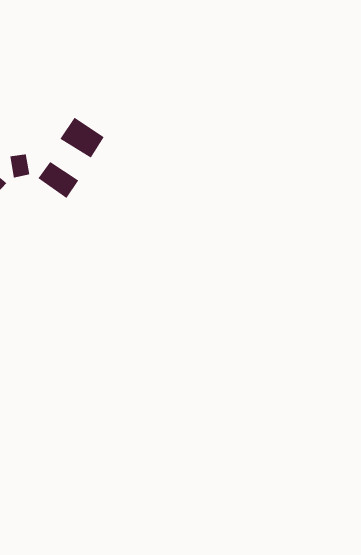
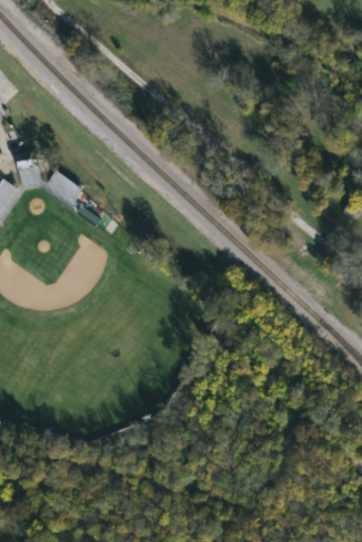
building: [59,117,104,159] -> none

